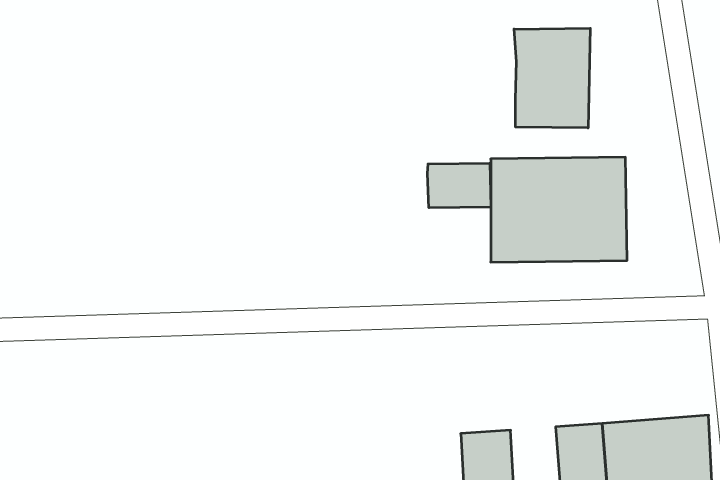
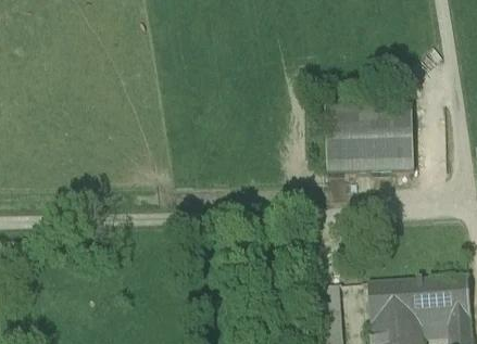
building: [514,28,590,128] -> none
building: [427,163,491,208] -> none

